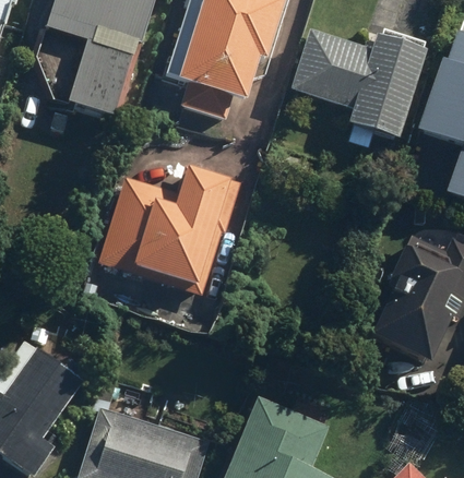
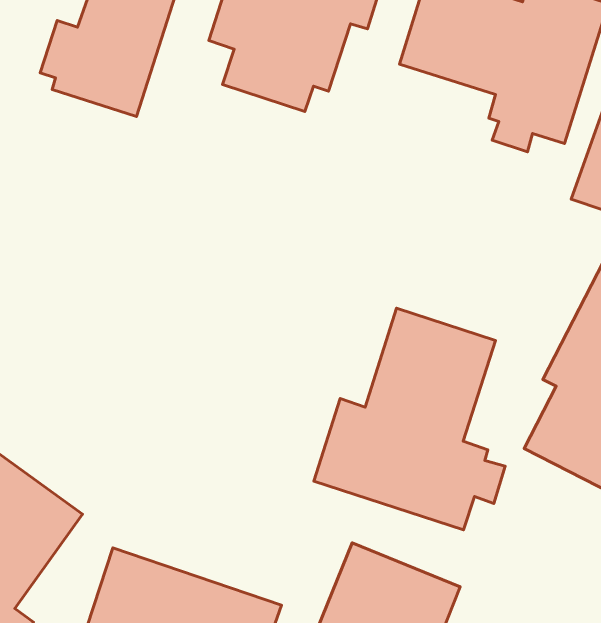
building: [99,163,241,292] -> none
building: none -> [314,308,505,530]

